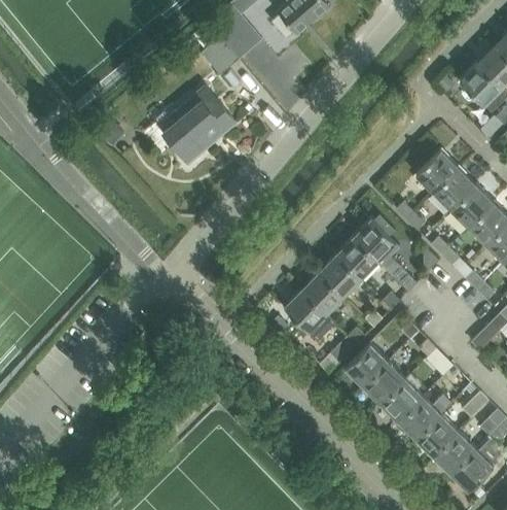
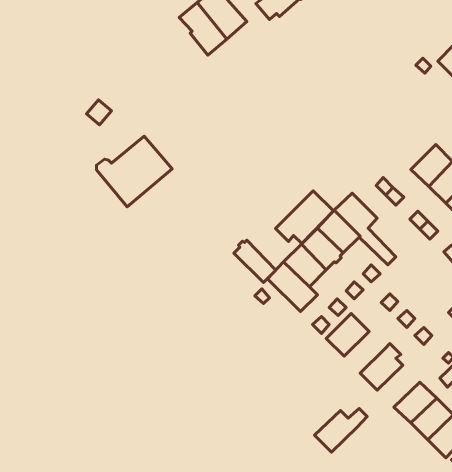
building: [156,89,234,162] -> [96,136,172,207]
building: [414,150,458,194] -> none
building: none -> [275,191,333,244]
building: none -> [234,240,276,282]
building: [363,362,405,405] -> none
building: [397,395,451,440] -> [314,408,367,452]

